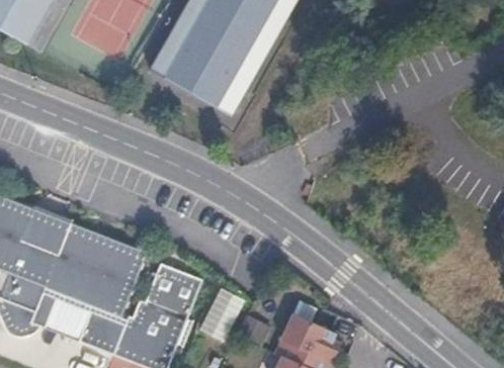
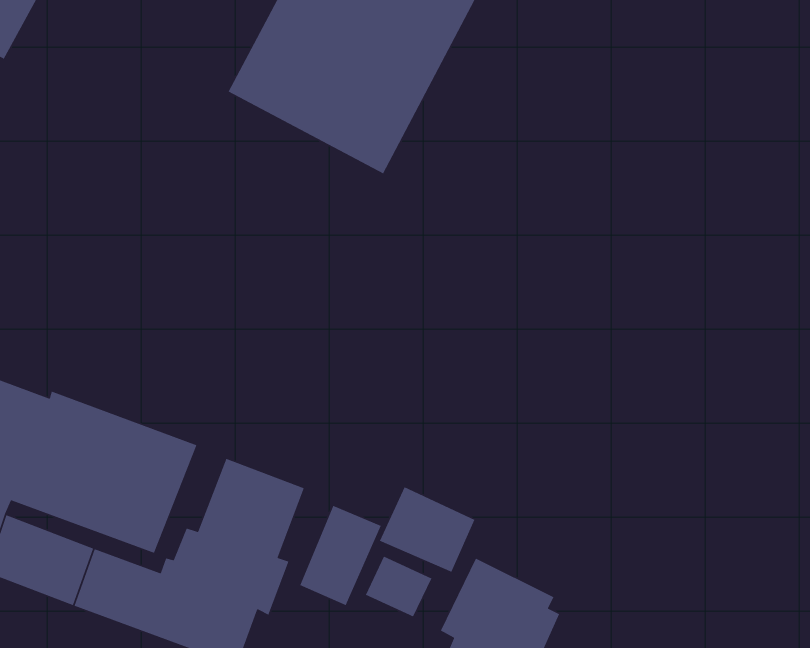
building: none -> [379,486,476,573]

